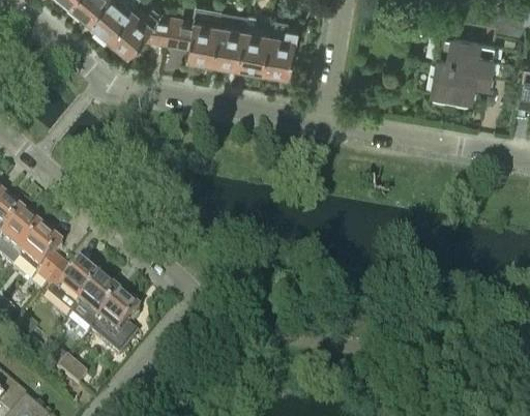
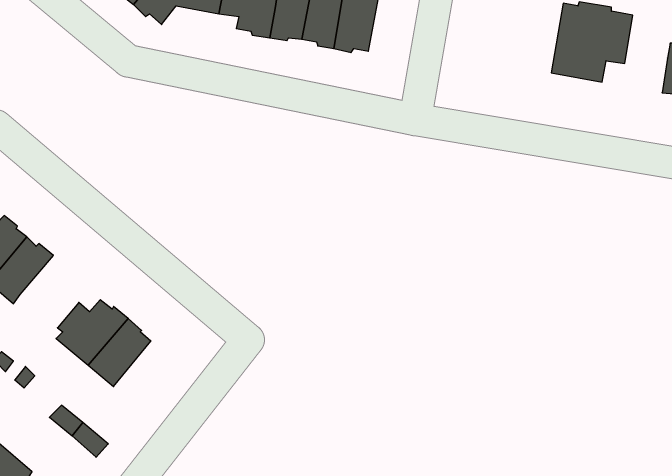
building: [21,234,66,290] -> none
building: [91,300,141,361] -> none

